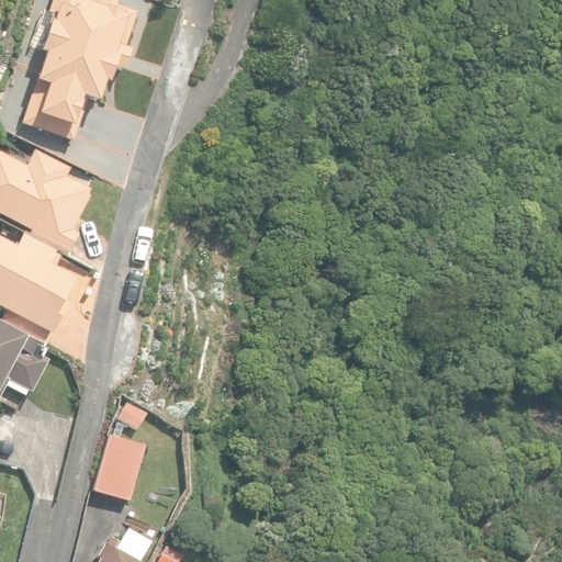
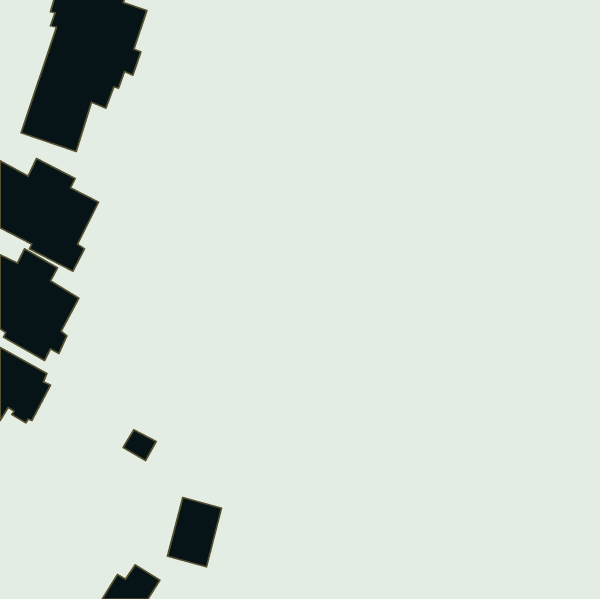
building: [93,435,144,499] -> [168,498,222,567]

